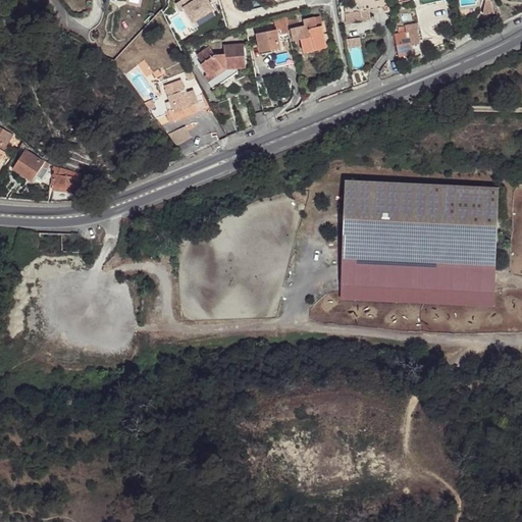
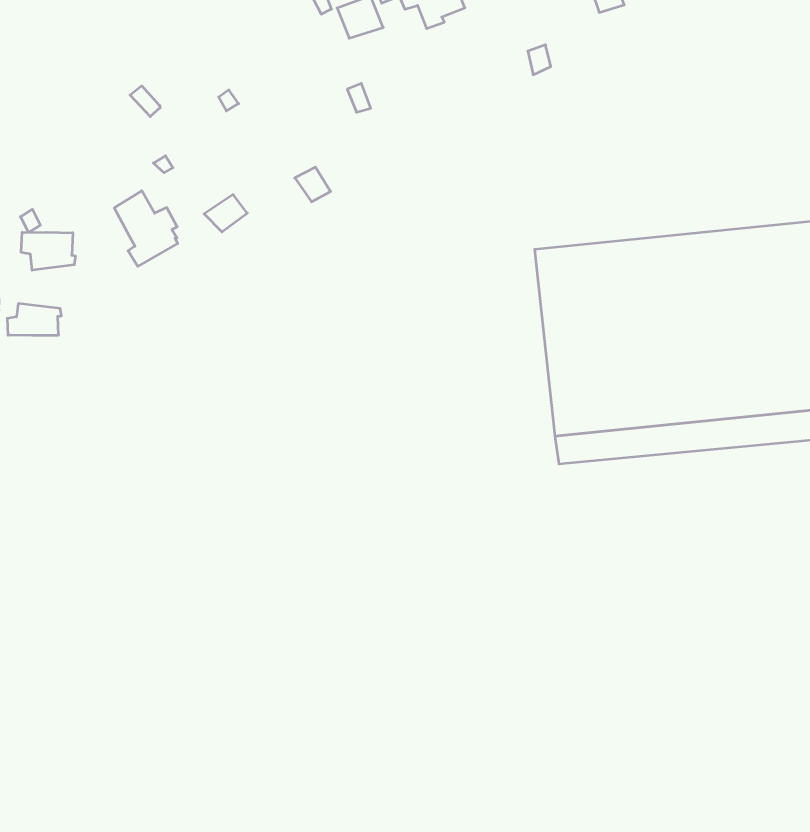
building: [196,43,245,88] -> none
building: [164,79,197,119] -> [114,191,178,266]
building: none -> [21,232,75,270]

